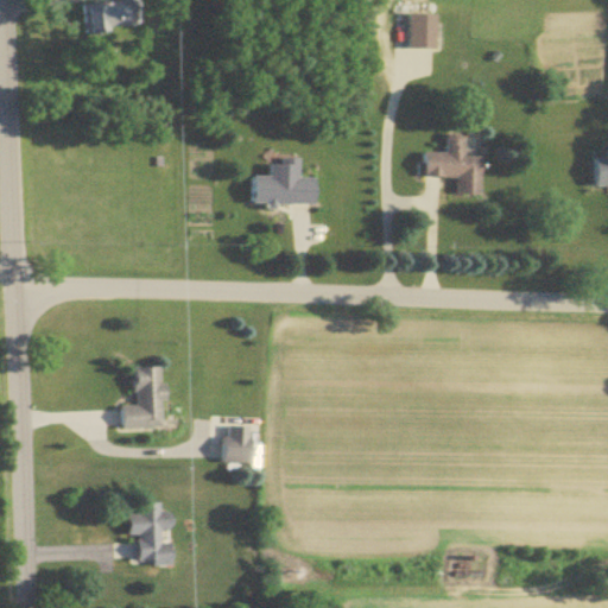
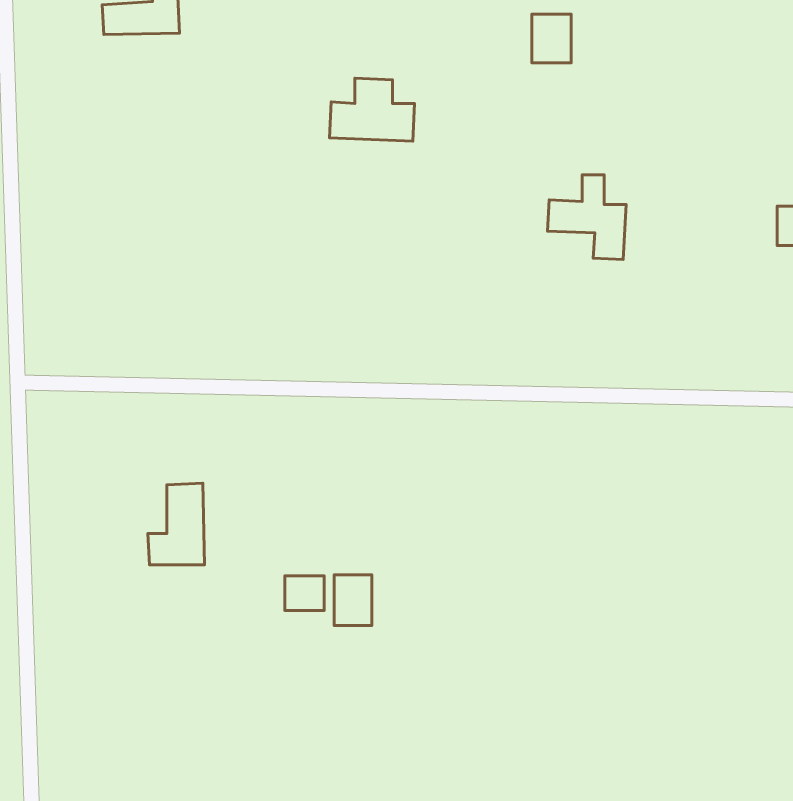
building: [253,157,317,204] -> [330,78,415,141]
building: none -> [334,575,372,625]
building: [128,501,172,563] -> none

